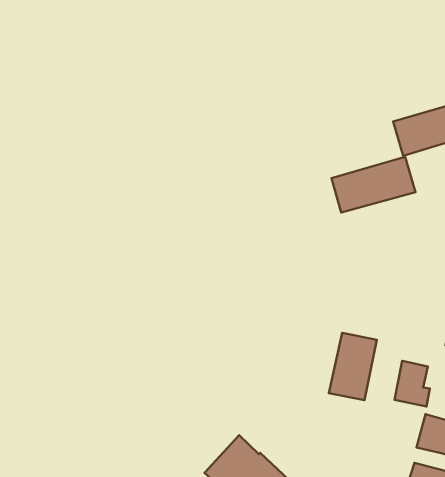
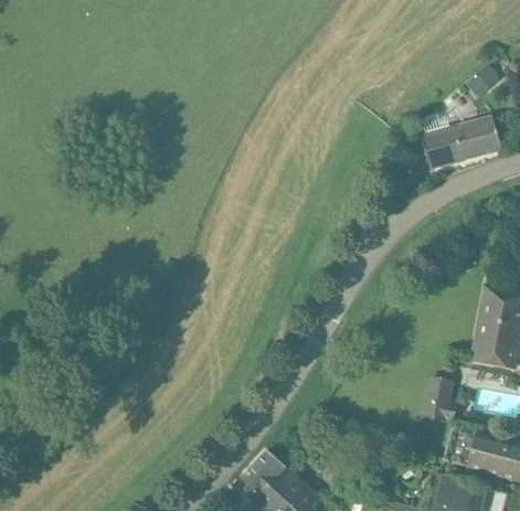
building: [331,157,415,213] -> none
building: [329,333,377,400] -> none

